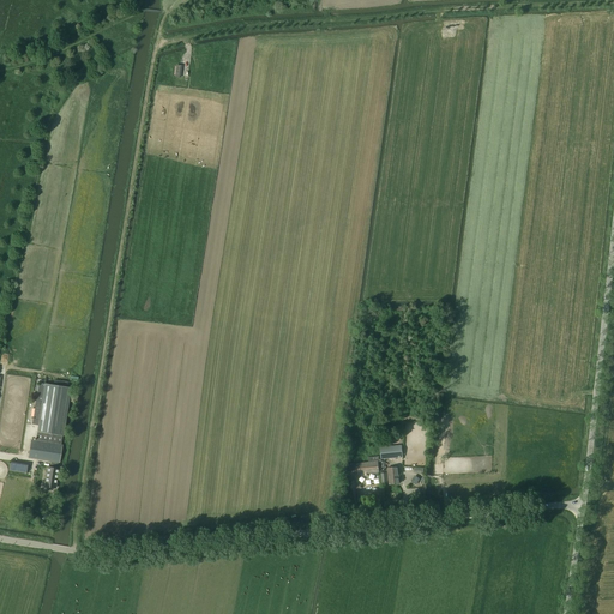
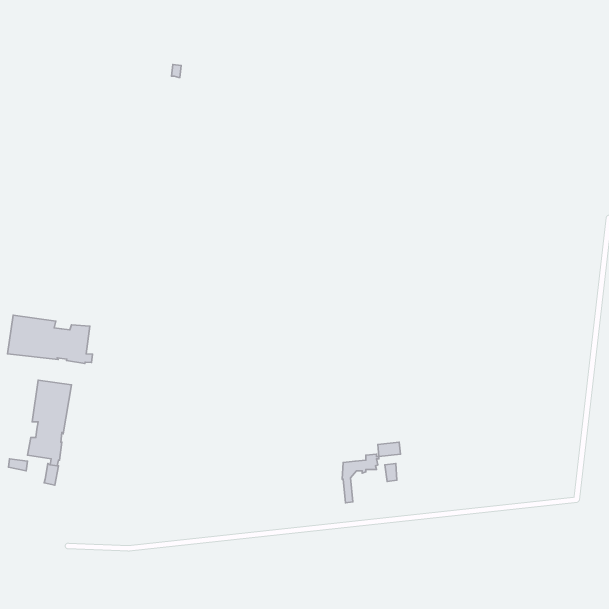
building: none -> [8,315,92,363]

